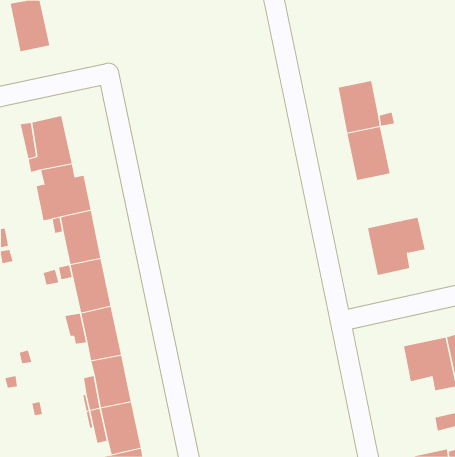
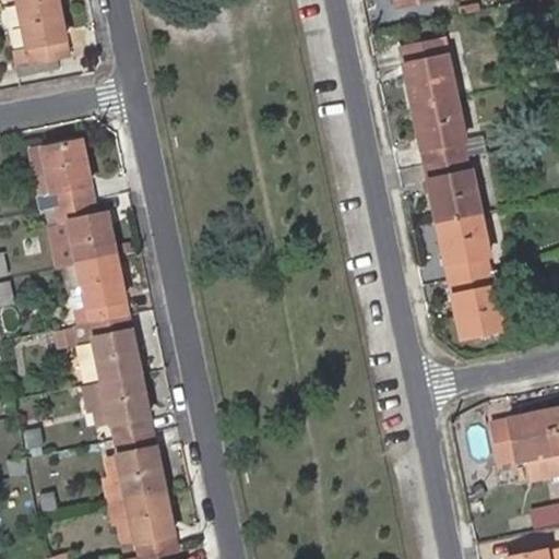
building: none -> [402,39,456,107]
building: none -> [438,212,491,278]

